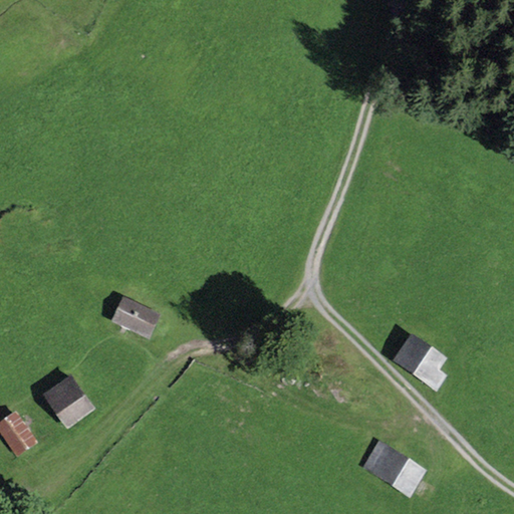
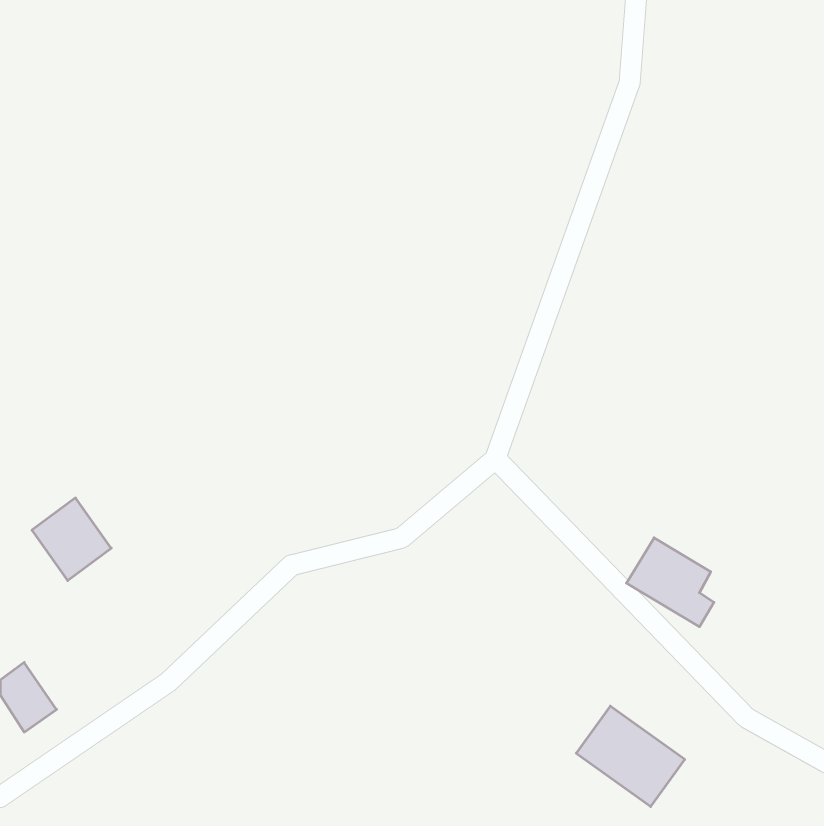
building: [108,295,159,336] -> none
building: [45,374,94,426] -> [32,498,111,581]

